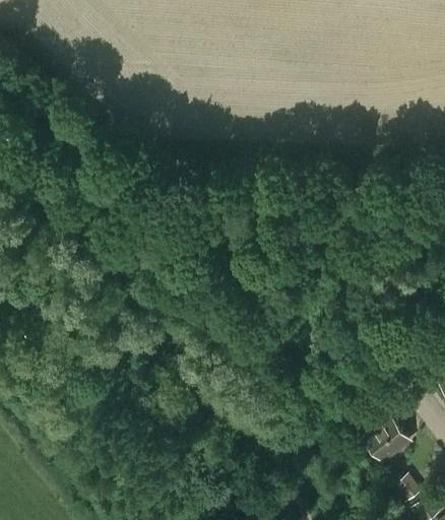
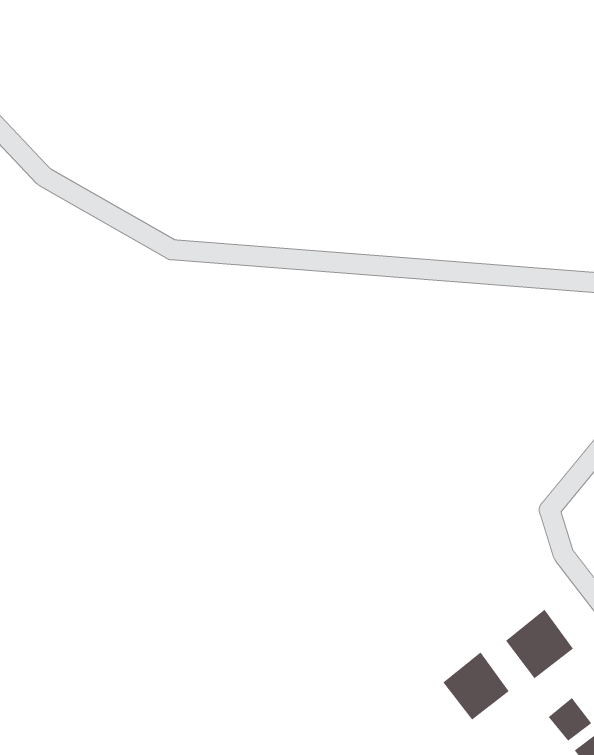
building: none -> [443,652,510,721]

